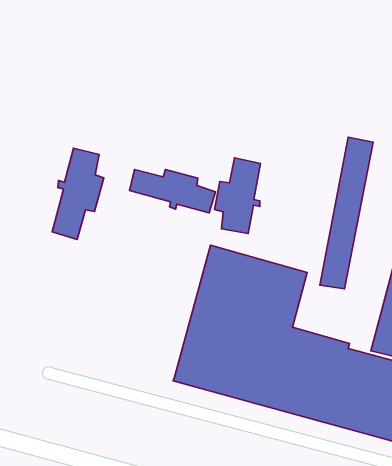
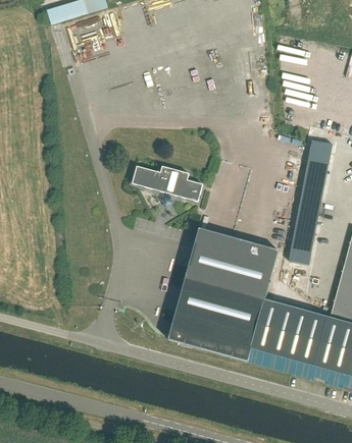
building: [52,148,104,239] -> none
building: [214,158,260,233] -> none

